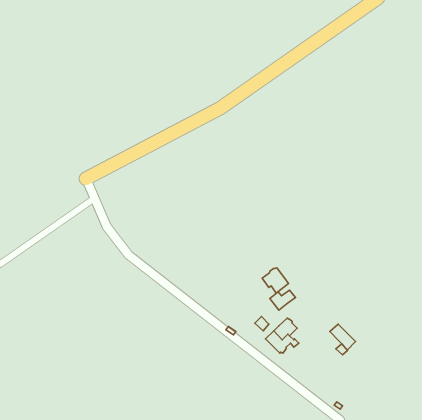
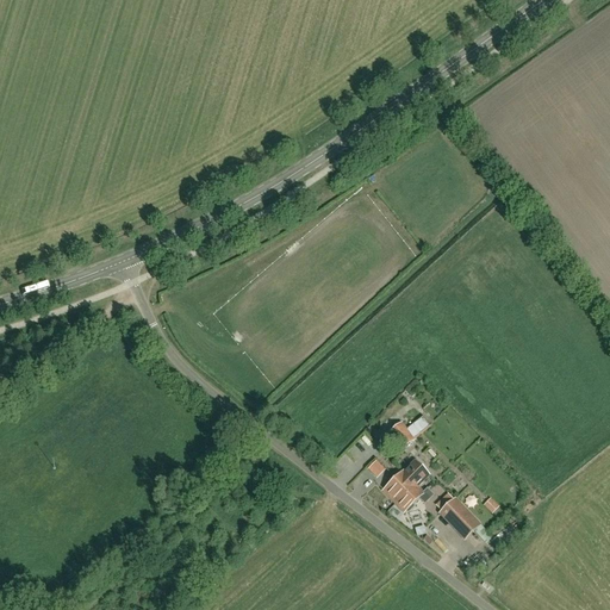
building: [262,268,289,293] -> none
building: [330,324,356,350] -> [442,497,479,534]

